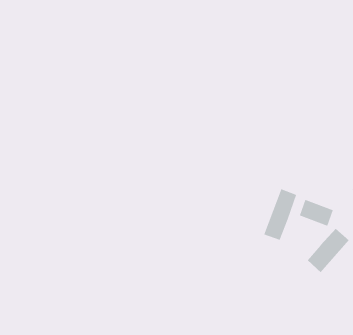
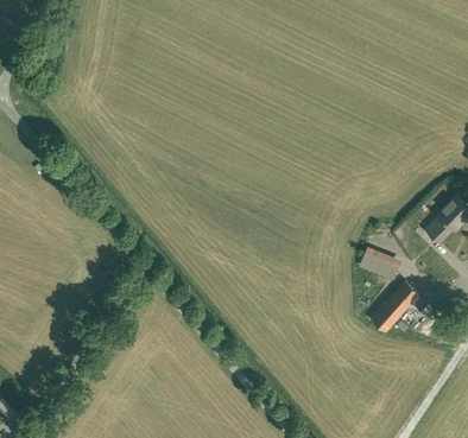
building: [263,188,297,241] -> none

